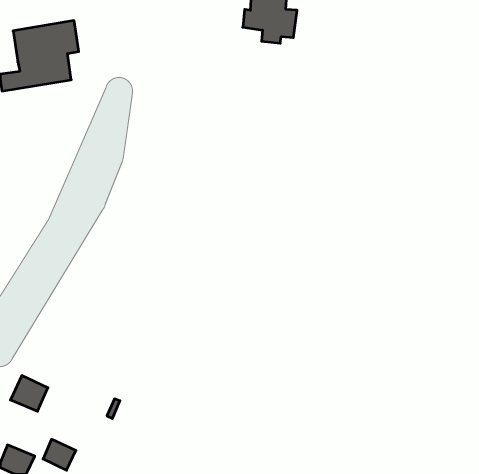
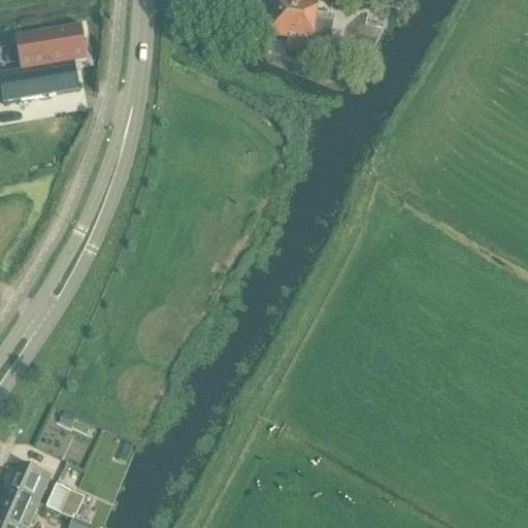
building: [10,376,48,411] -> [8,462,50,501]

